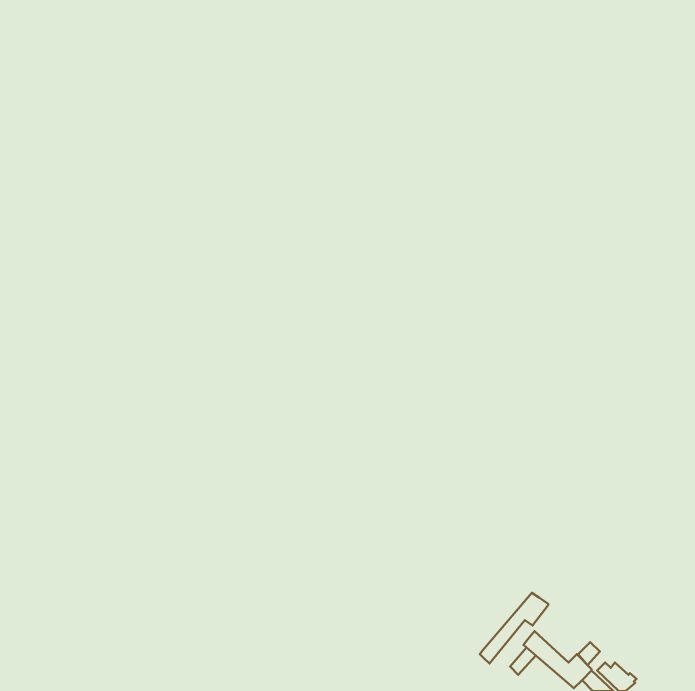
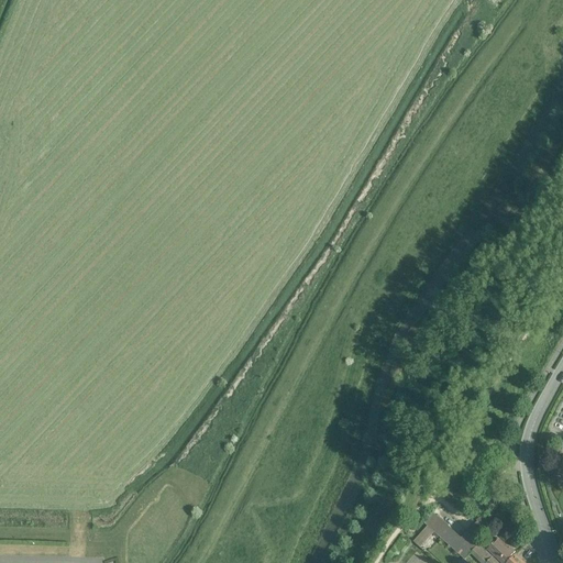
building: [480,593,548,664] -> none

